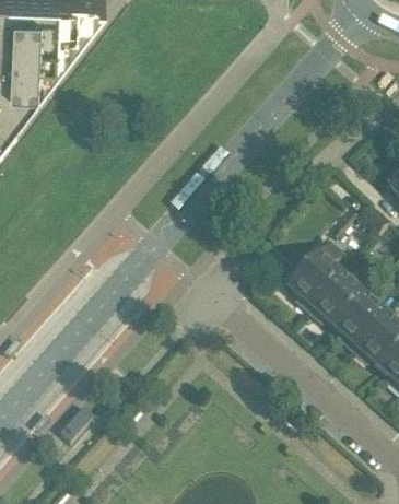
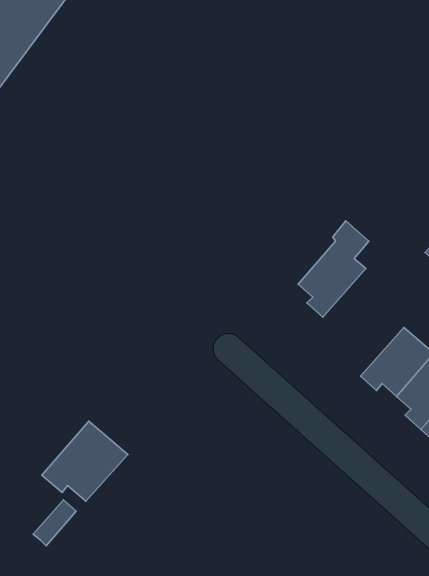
building: [293,236,347,309] -> [298,221,369,317]
building: none -> [42,421,128,501]

